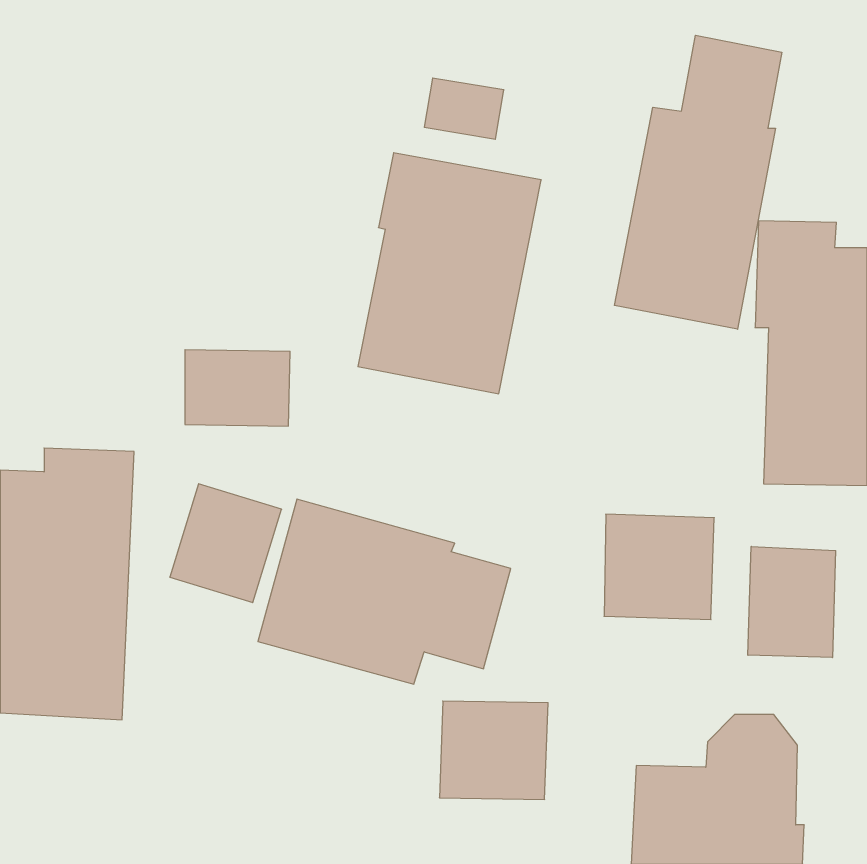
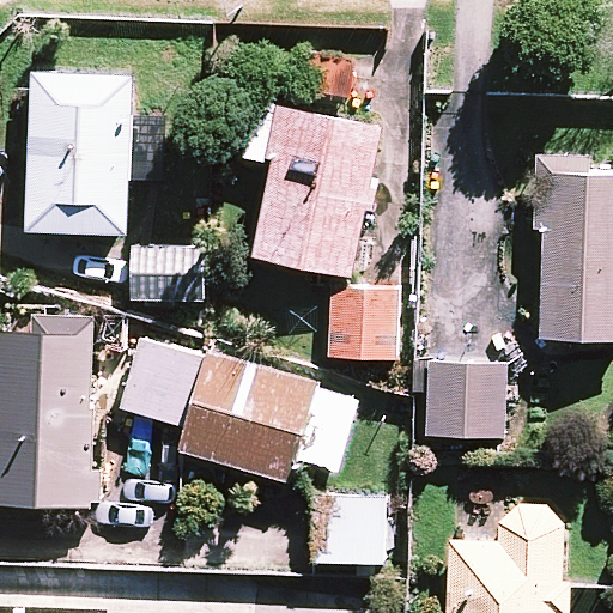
building: [614,35,782,329] -> none
building: none -> [26,74,132,236]
building: none -> [329,287,397,359]
building: [748,546,836,658] -> none

